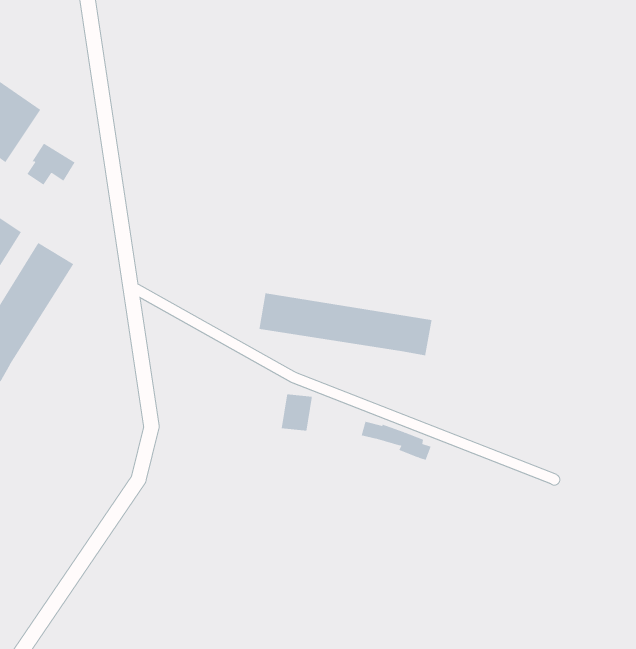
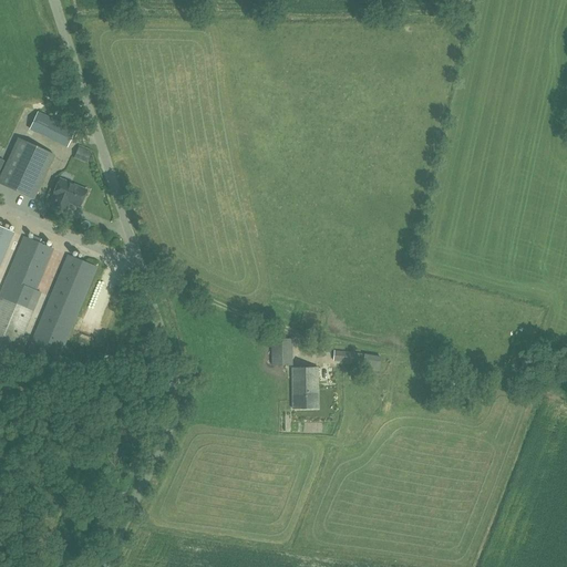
building: none -> [29,111,75,146]
building: [259,293,432,356] -> none
building: none -> [291,365,318,408]

